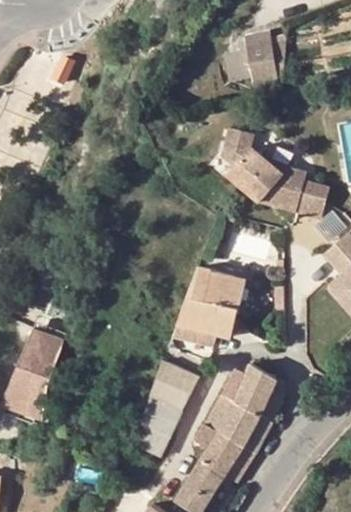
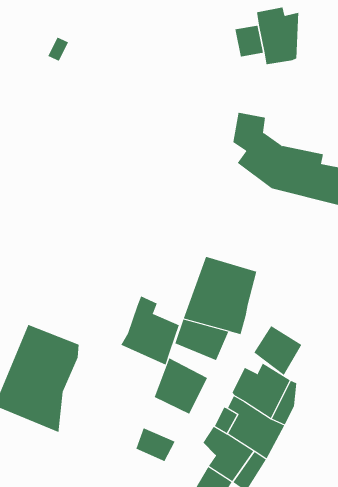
building: none -> [120,295,180,365]
building: none -> [253,325,302,376]
building: [139,396,182,437] -> none

